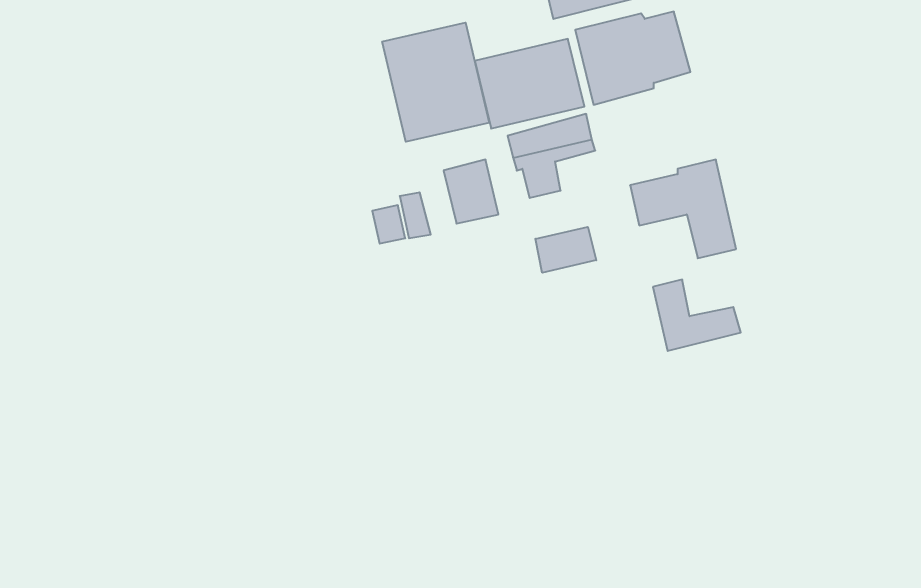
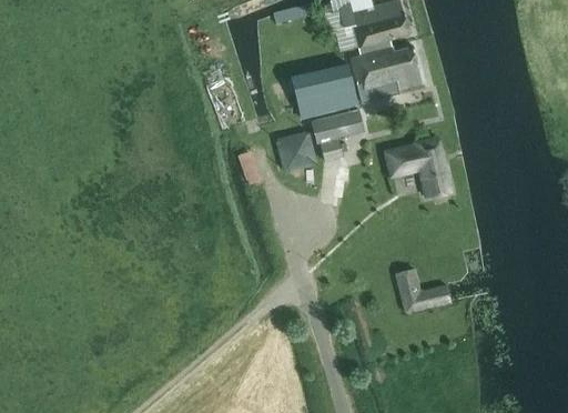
building: [382,23,489,142] -> none
building: [535,227,596,273] -> none
building: [653,280,741,351] -> [397,268,450,311]

